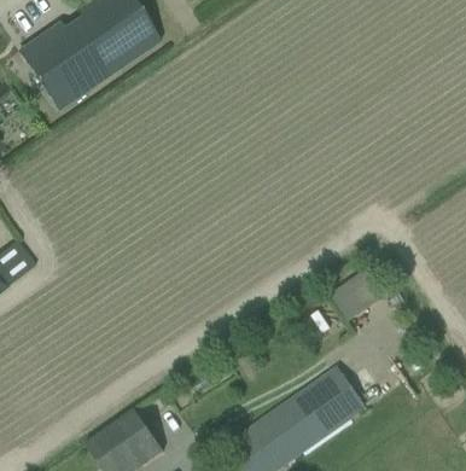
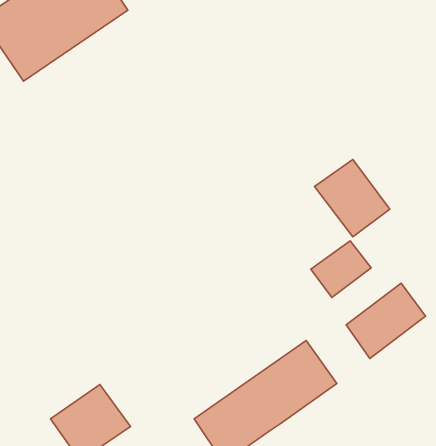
building: none -> [314,160,390,237]
building: none -> [346,283,426,359]

